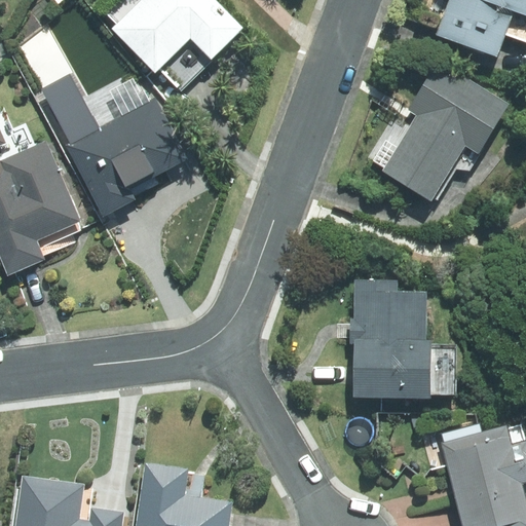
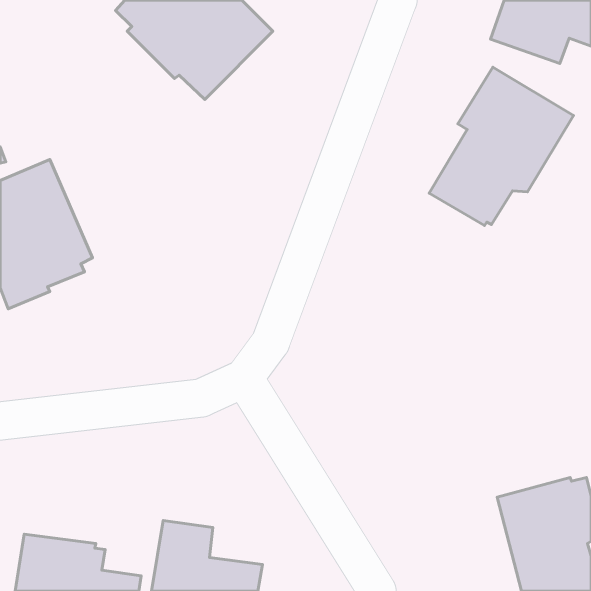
building: [39,69,185,217] -> none
building: [352,280,456,399] -> none

